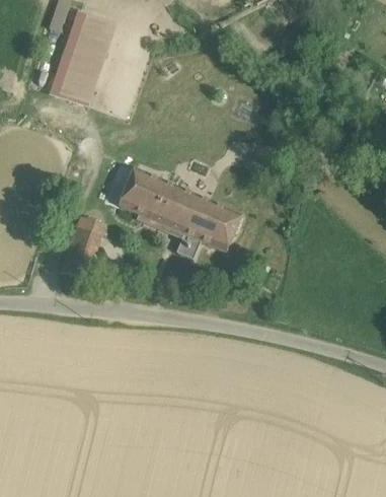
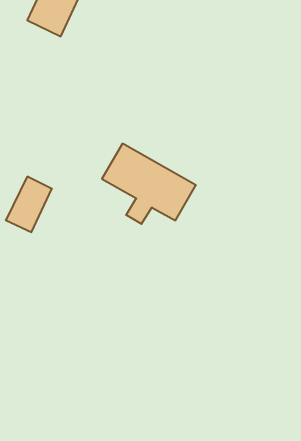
building: [52,71,93,102] -> none
building: [119,167,165,217] -> none

